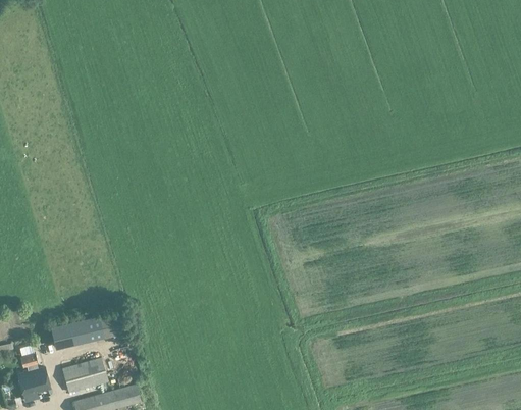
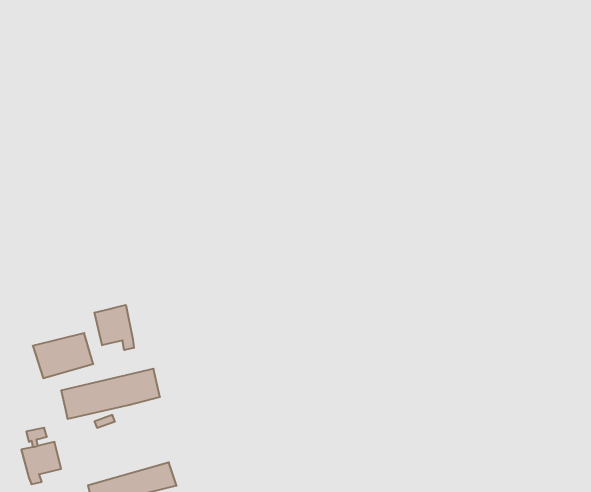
building: none -> [94,305,134,350]
building: [60,358,108,394] -> [33,333,93,378]

